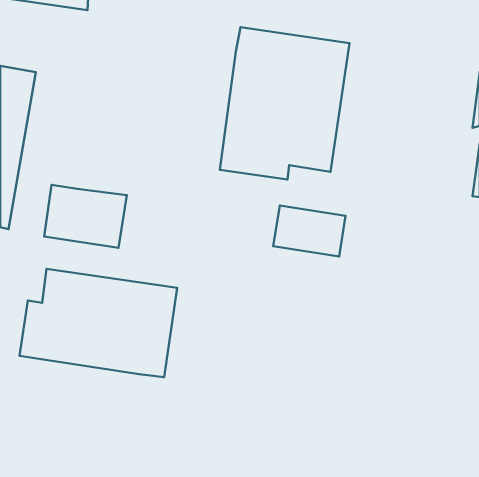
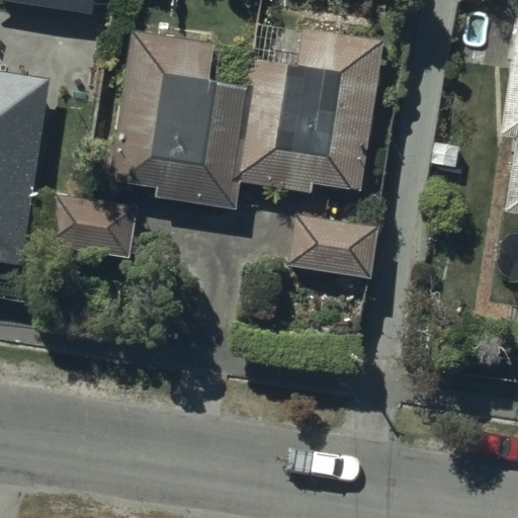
building: none -> [122,40,255,207]
building: [19,269,177,377] -> none

